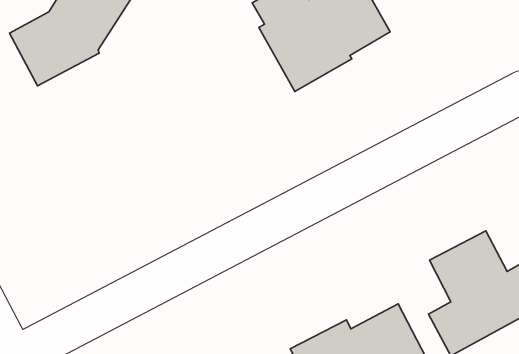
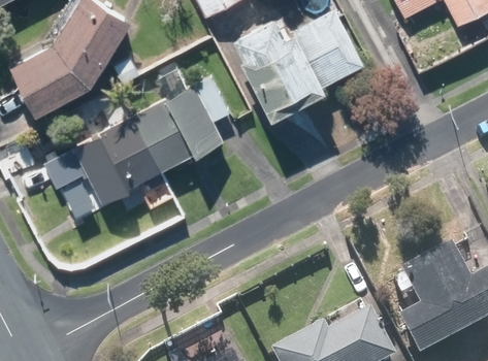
building: none -> [46,69,229,203]

